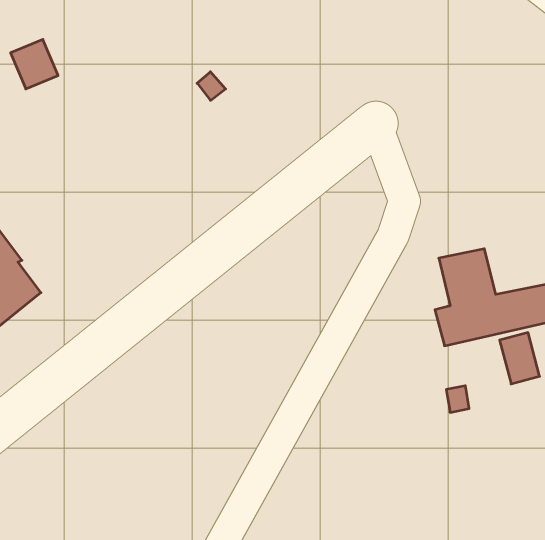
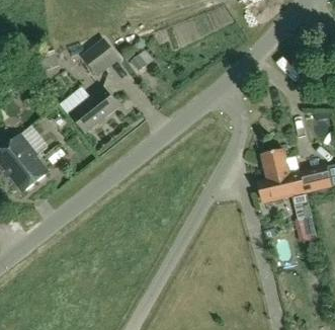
building: none -> [80,38,120,78]
building: none -> [71,88,118,134]

